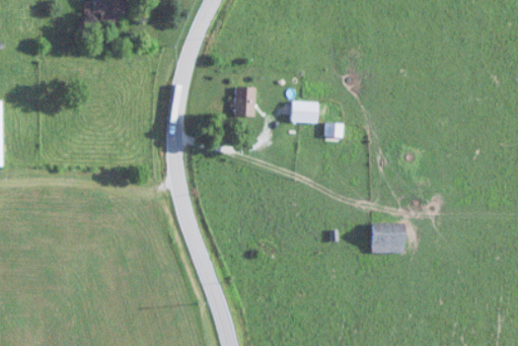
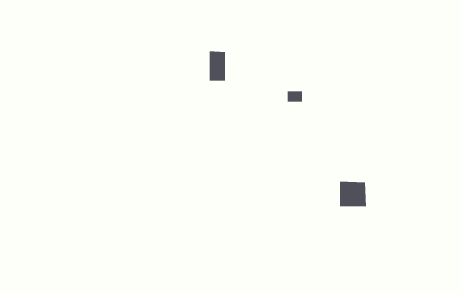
building: [291,101,317,123] -> none

